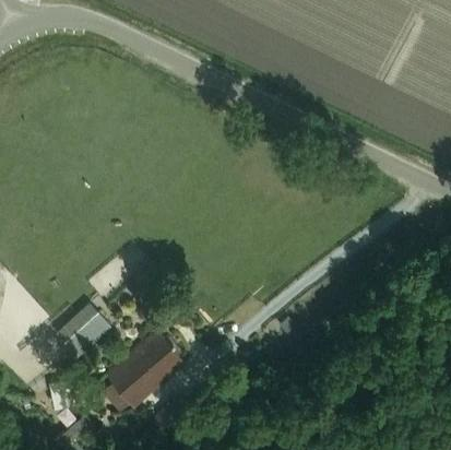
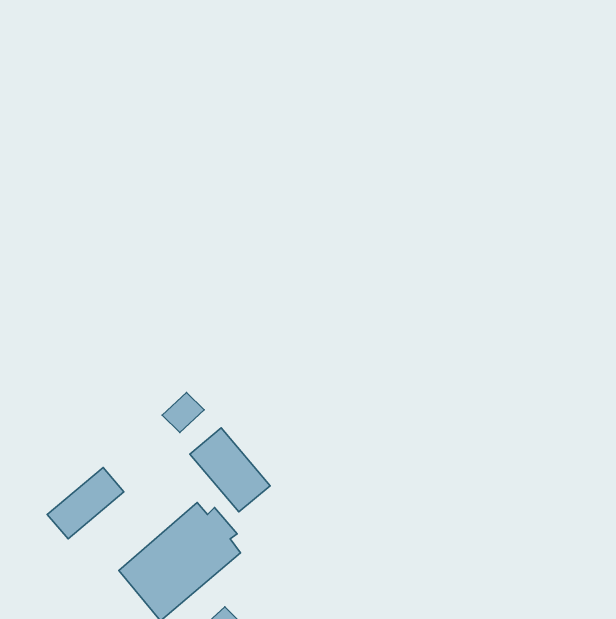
building: none -> [190,428,270,512]

